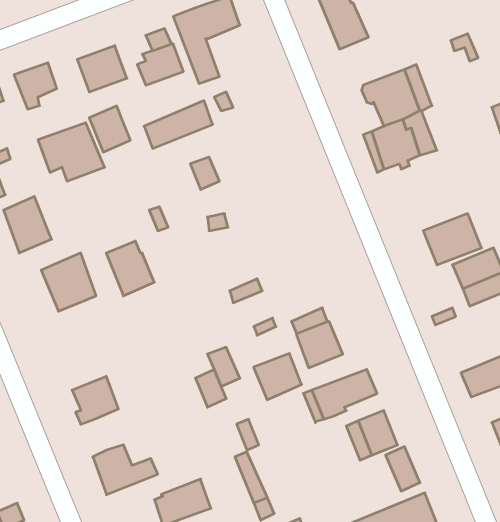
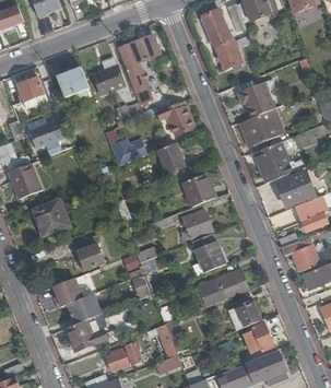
building: none -> [157,102,191,136]
building: [89,106,130,152] -> [108,137,134,166]
building: none -> [157,142,185,174]
building: none -> [252,142,304,185]
building: none -> [190,172,216,205]
building: [106,241,154,296] -> [73,236,104,271]
building: none -> [281,239,320,272]
building: [254,354,302,400] -> [182,211,213,240]
building: none -> [67,294,102,325]

